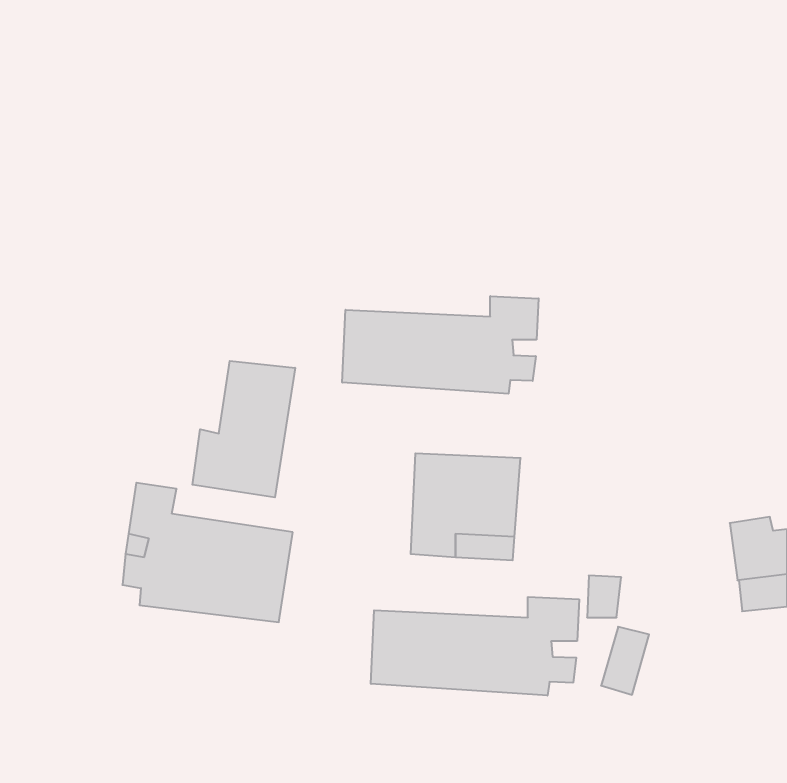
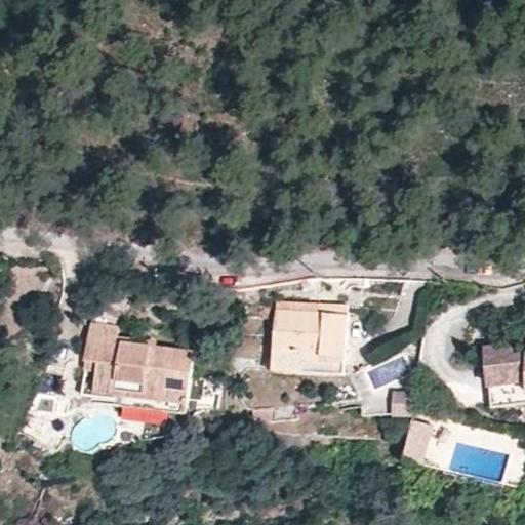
building: [342,296,539,394] -> none
building: [192,361,295,497] -> none
building: [371,597,579,696] -> none

